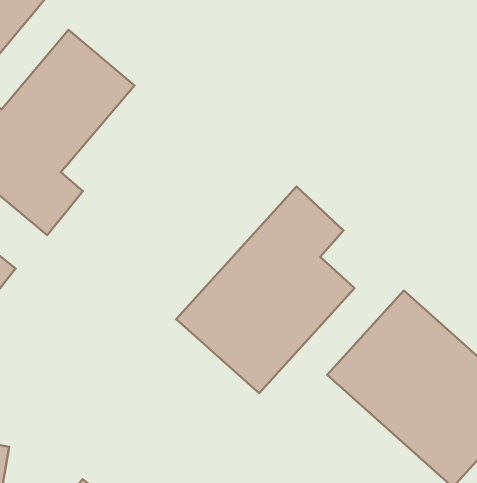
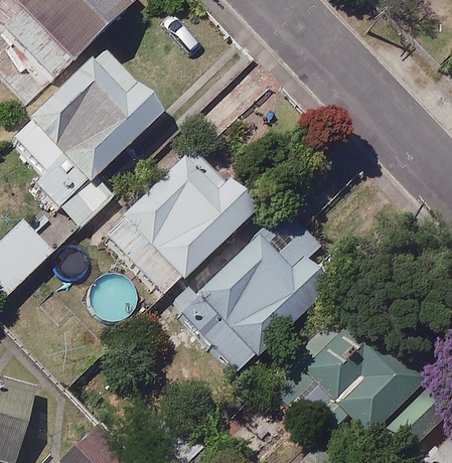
building: none -> [106,150,252,295]

